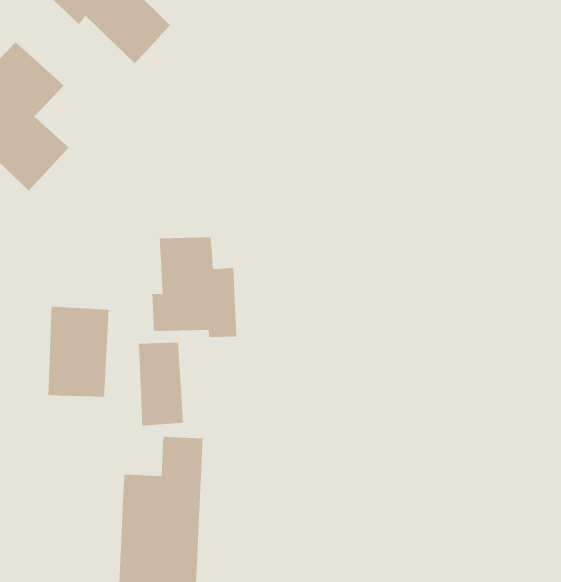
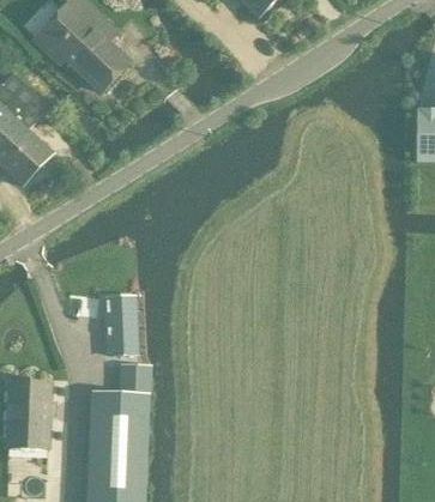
building: [152,237,237,338] -> none
building: [48,306,110,397] -> [7,381,53,448]

